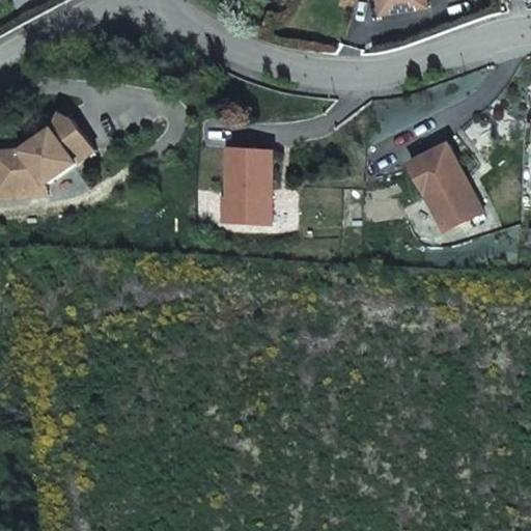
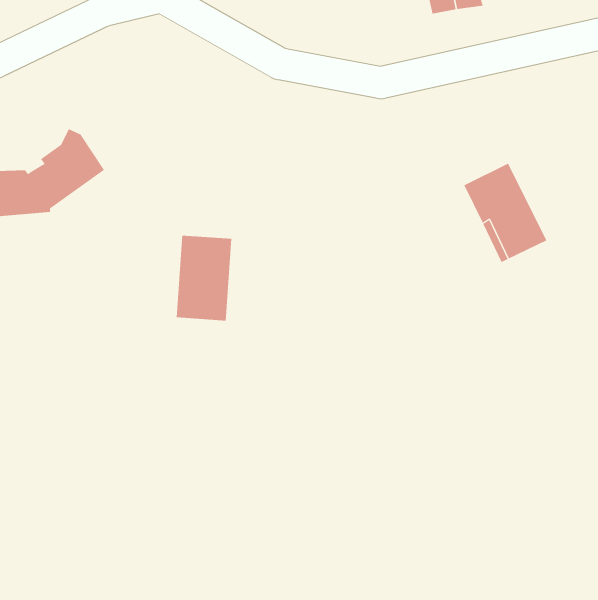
building: [221,147,271,223] -> [176,235,232,321]

